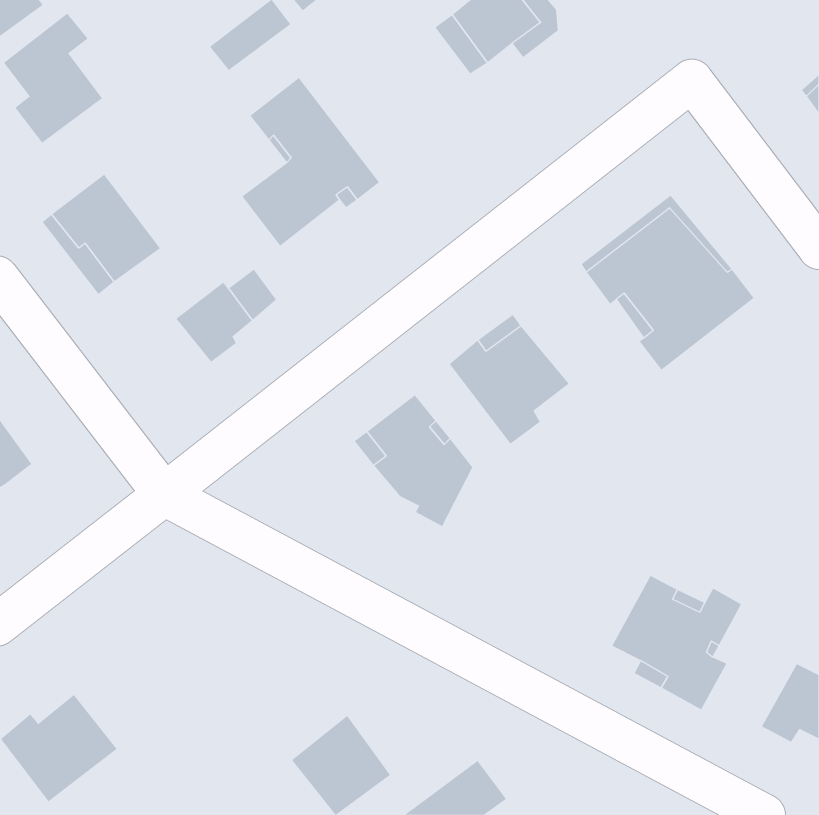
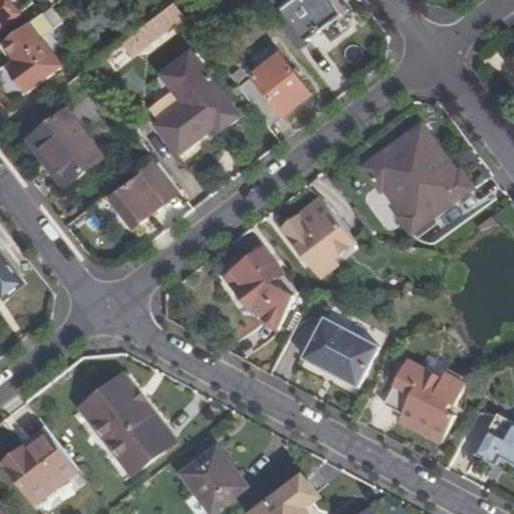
building: none -> [235,52,307,123]
building: none -> [300,316,377,386]
building: none -> [78,373,173,474]

